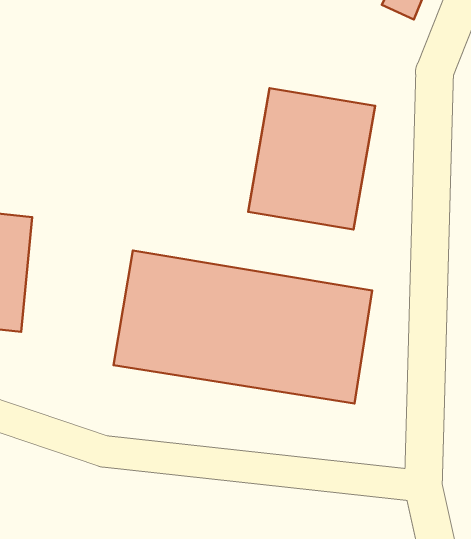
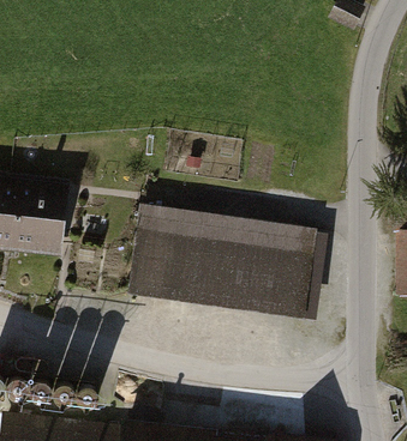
building: [248,88,375,229] -> none

